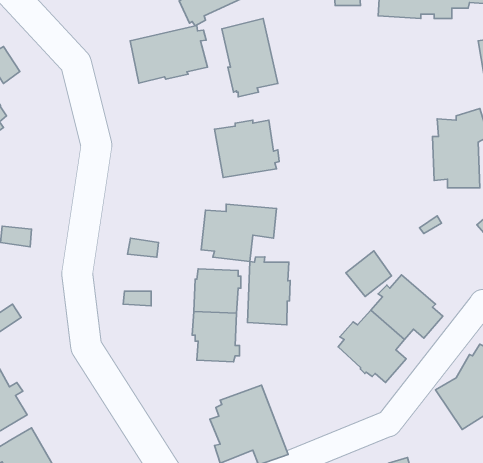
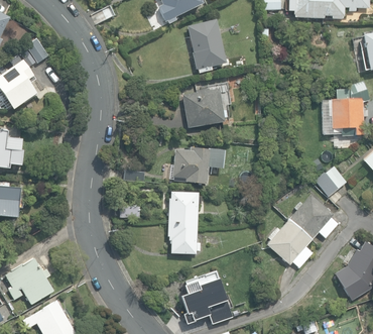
building: [130,26,207,83] -> none
building: [346,251,392,296] -> [315,164,346,196]
building: [248,257,290,325] -> none

